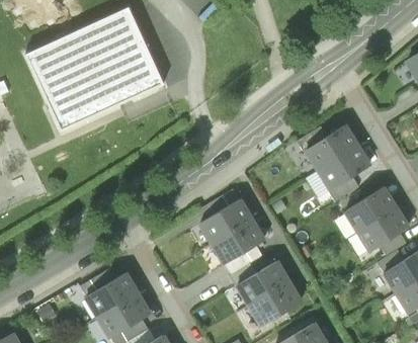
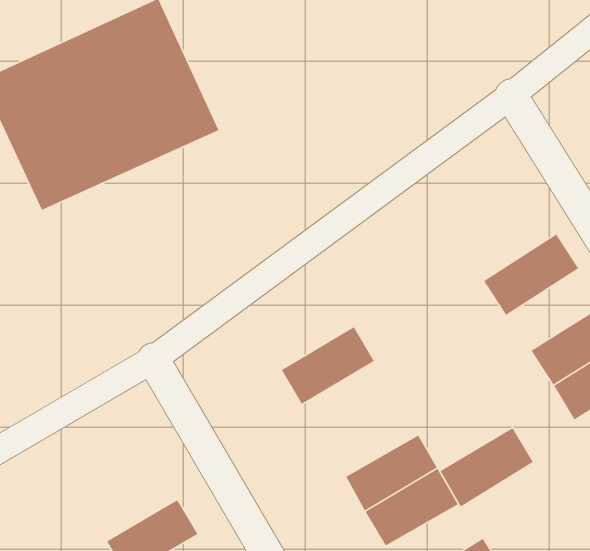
building: [303,124,358,172] -> none
building: [211,219,265,265] -> [440,427,534,507]
building: [85,277,139,323] -> none

